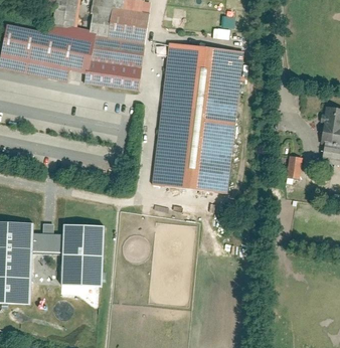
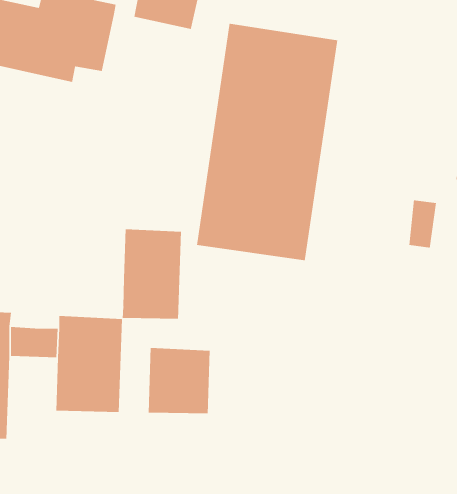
building: [88,31,147,88] -> none
building: none -> [122,229,181,320]
building: none -> [148,347,210,414]

